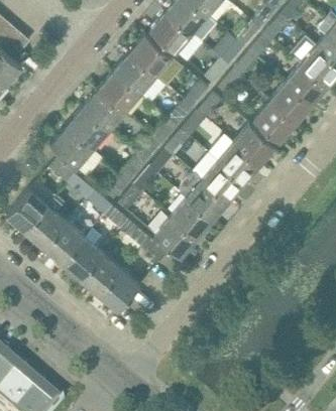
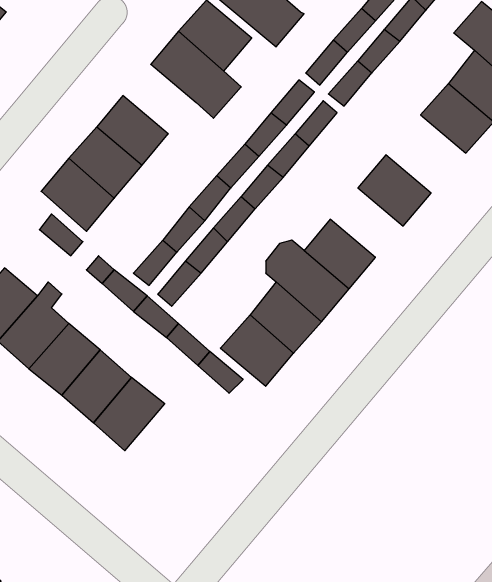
building: [98,71,140,111] -> none
building: [254,100,297,141] -> none
building: [218,142,260,182] -> none
building: [99,267,141,310] -> none

